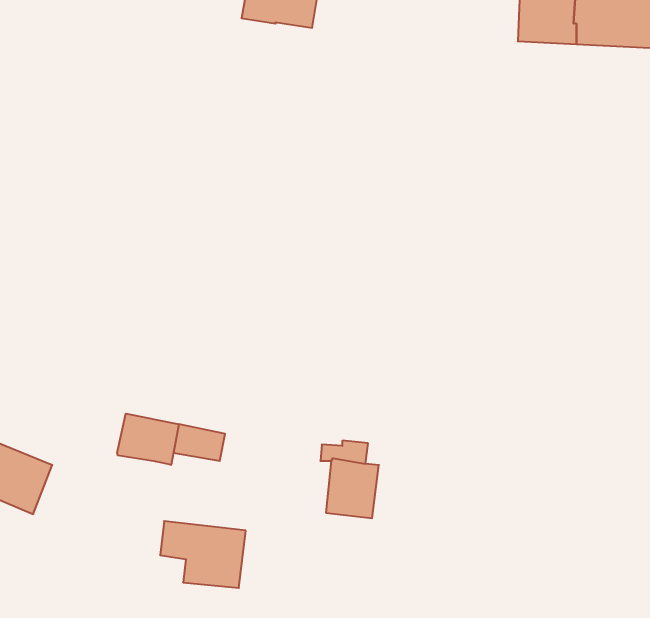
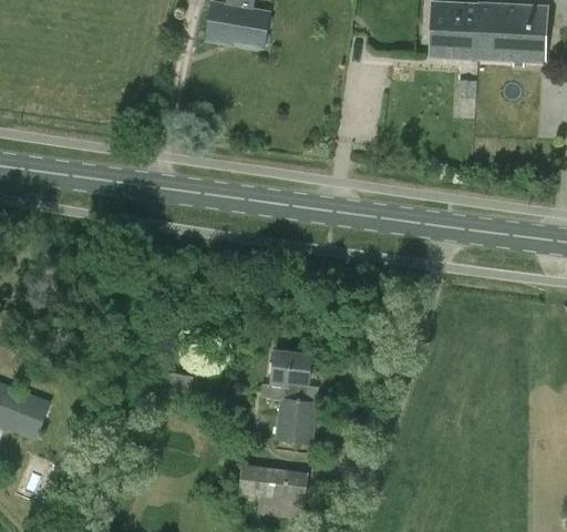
building: none -> [270,352,310,386]
building: [117,414,179,465] -> none
building: [160,521,246,588] -> [237,464,307,519]

